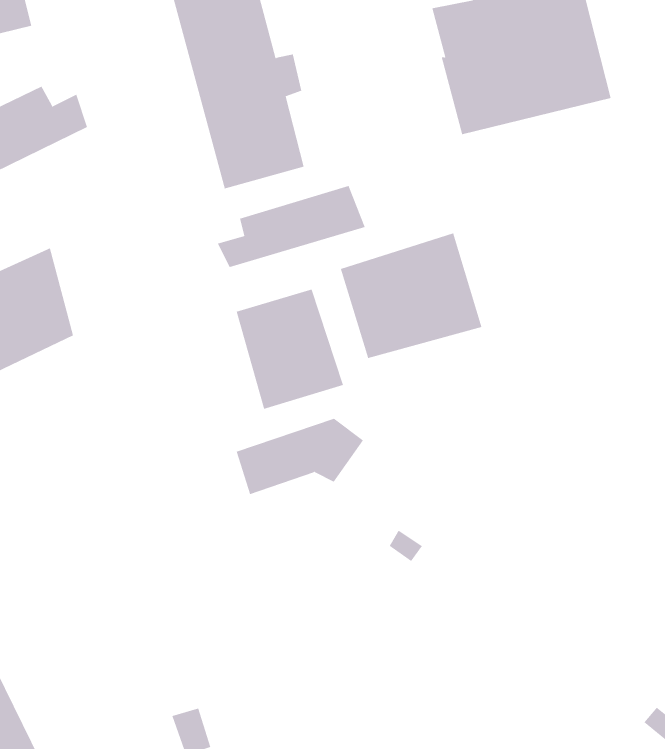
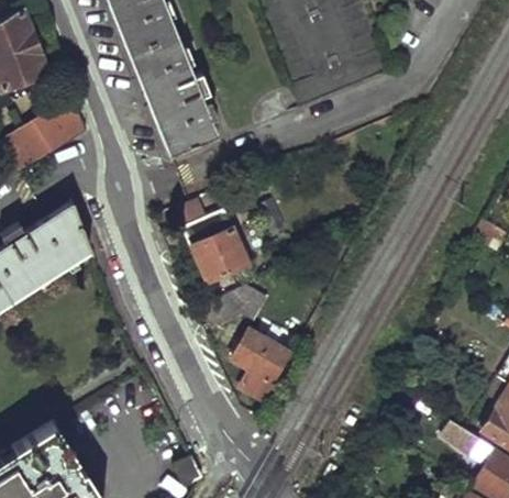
building: [217,185,365,268] -> none
building: [340,232,482,359] -> none
building: none -> [232,333,287,398]

